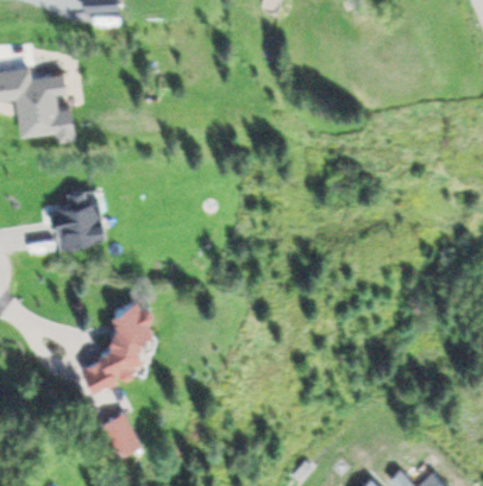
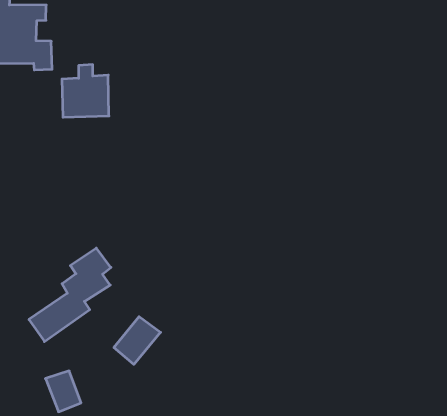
building: [57,191,105,244] -> [62,65,109,117]
building: none -> [114,317,161,364]

